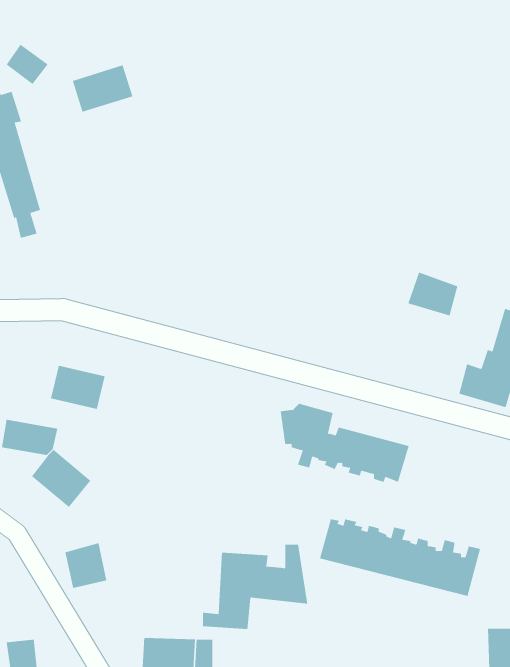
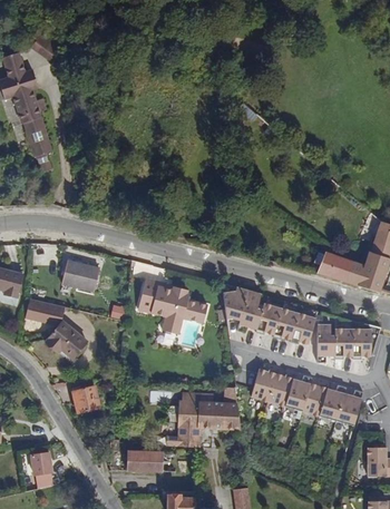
building: [72,64,133,113] -> none
building: [407,272,458,316] -> [318,249,353,281]
building: none -> [138,277,207,334]
building: none -> [315,324,370,362]

